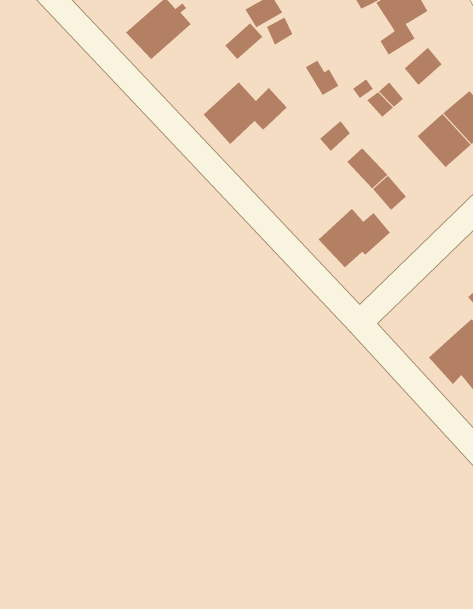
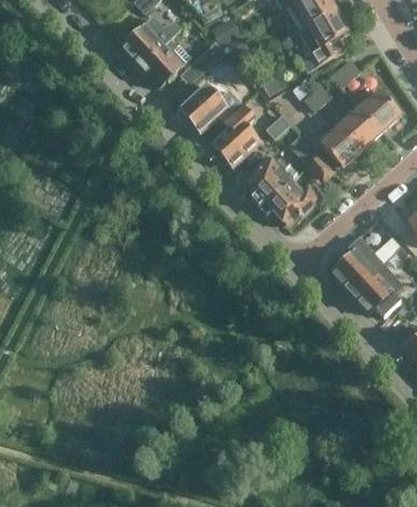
building: none -> [140,38,189,87]
building: none -> [212,102,260,165]
building: none -> [321,124,363,165]
building: none -> [247,154,292,202]
building: none -> [331,249,374,291]

